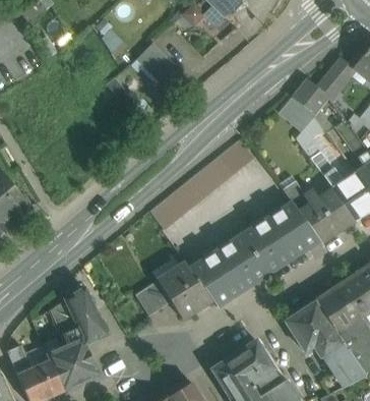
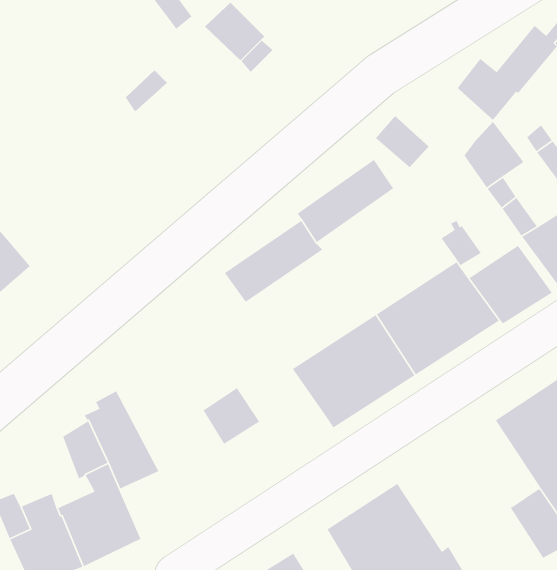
building: [281,97,314,129] -> [375,115,429,168]
building: [157,262,211,319] -> none
building: [285,300,343,356] -> none

